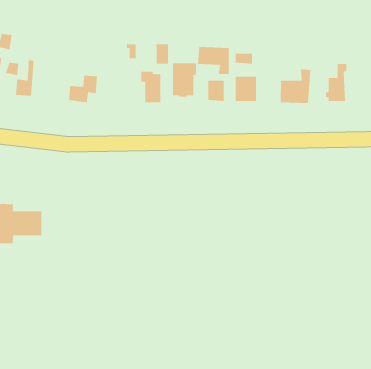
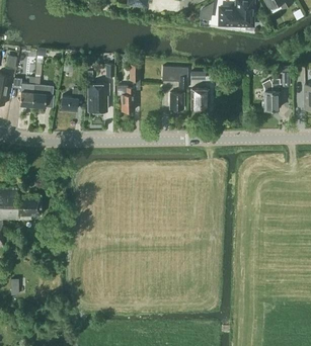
building: none -> [32,78,55,108]
building: [172,63,197,98] -> [89,85,108,112]
building: [280,69,311,104] -> none

